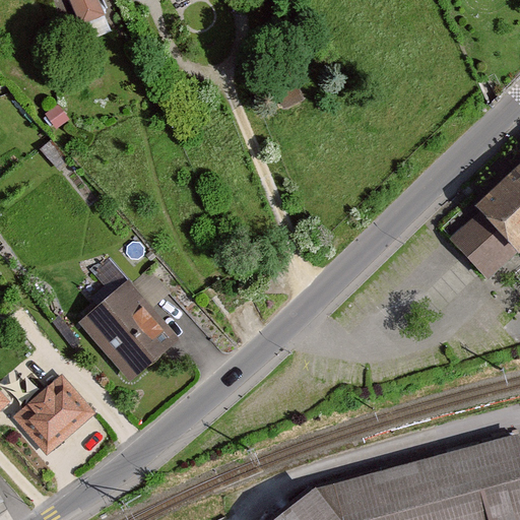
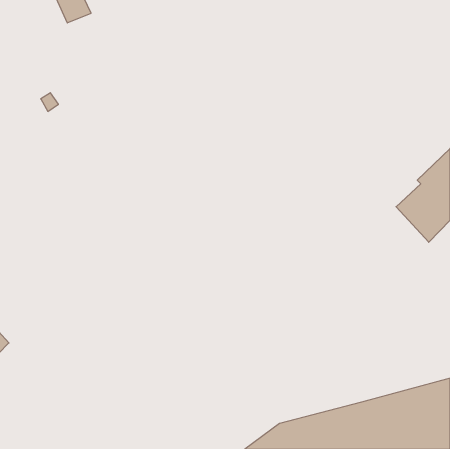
building: [77,280,180,384] -> none
building: [14,378,93,456] -> none

